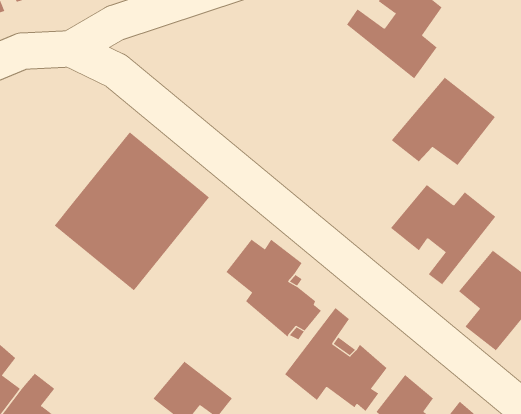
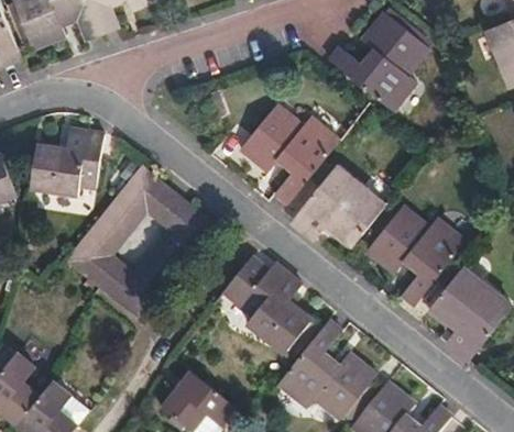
building: [391,77,496,166] -> [292,164,386,244]
building: none -> [239,115,333,206]
building: none -> [29,133,102,195]

